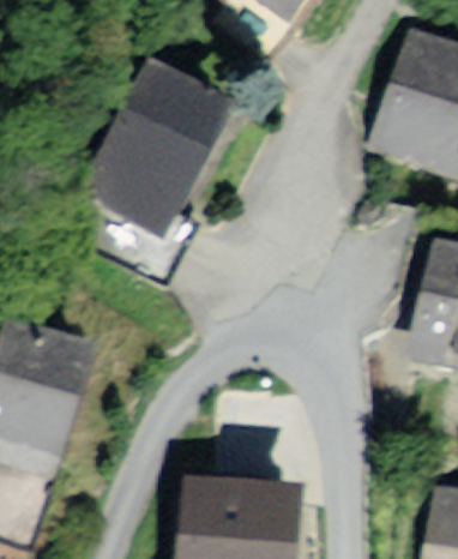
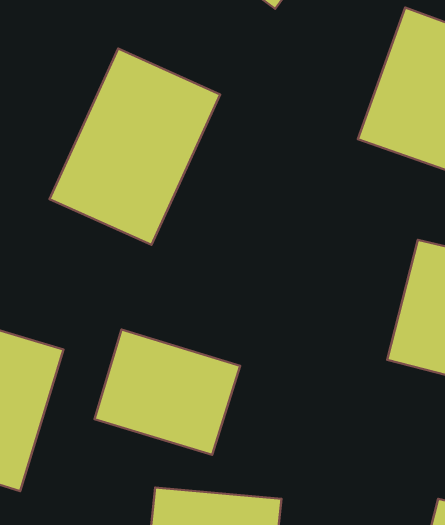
building: none -> [95,330,240,455]

